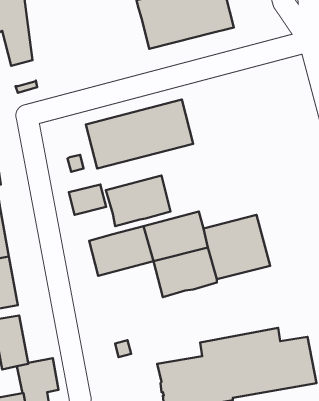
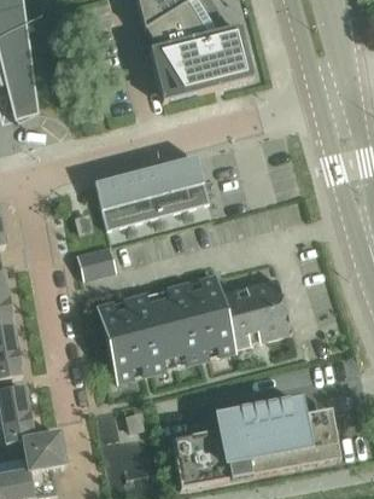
building: [106,175,170,226] -> [107,327,176,382]

